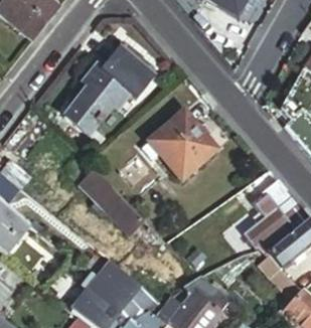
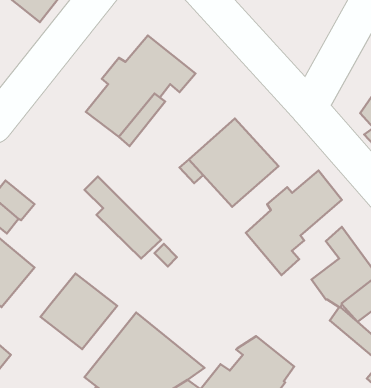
building: none -> [246,170,342,275]
building: none -> [40,273,117,349]

